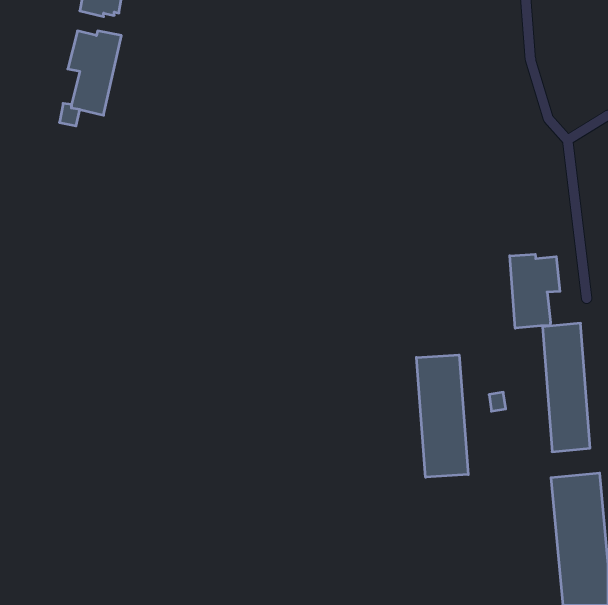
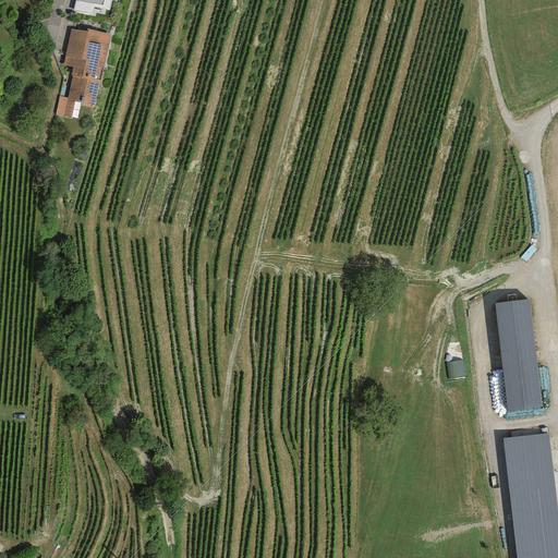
building: [510,254,560,328] -> none
building: [416,355,468,477] -> none

